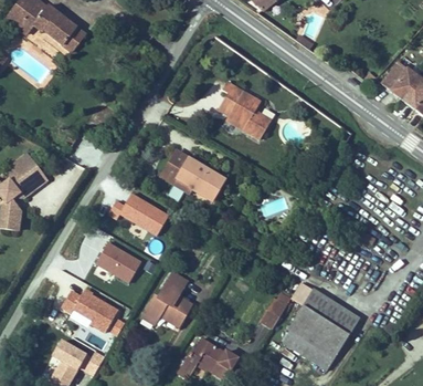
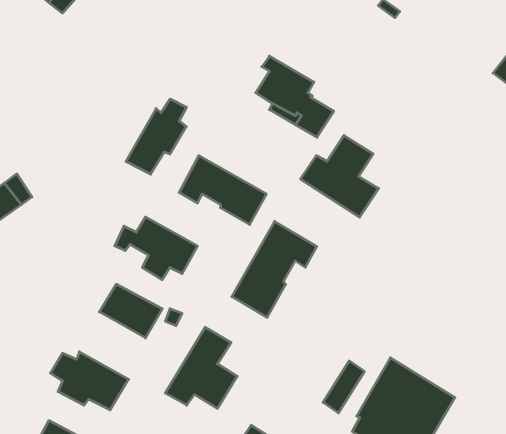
building: none -> [126,99,186,174]
building: none -> [301,135,379,217]
building: none -> [232,221,317,317]

